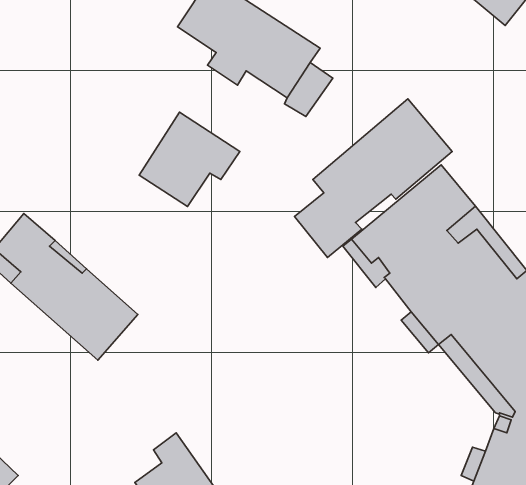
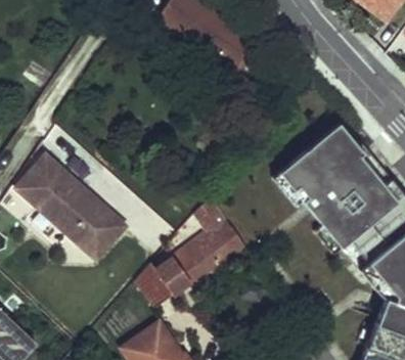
building: [294,99,452,257] -> none
building: [139,112,240,206] -> none
building: none -> [138,196,244,306]

